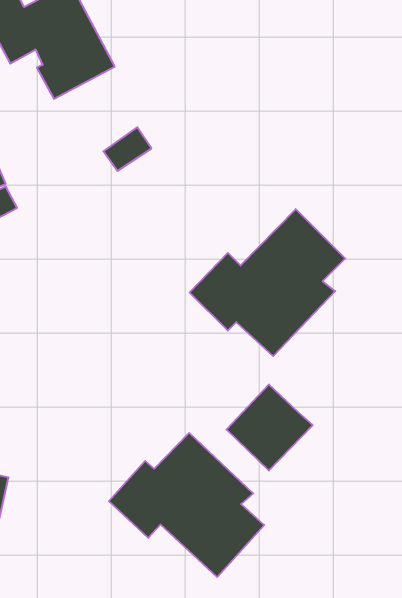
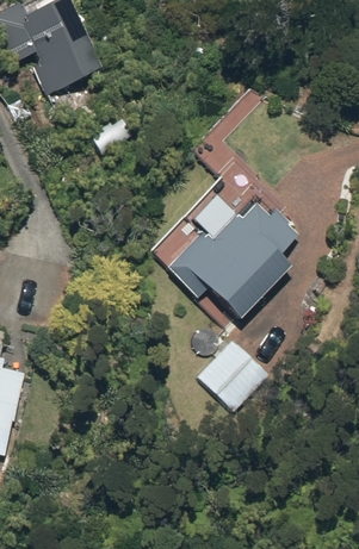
building: [109,433,264,577] -> none

